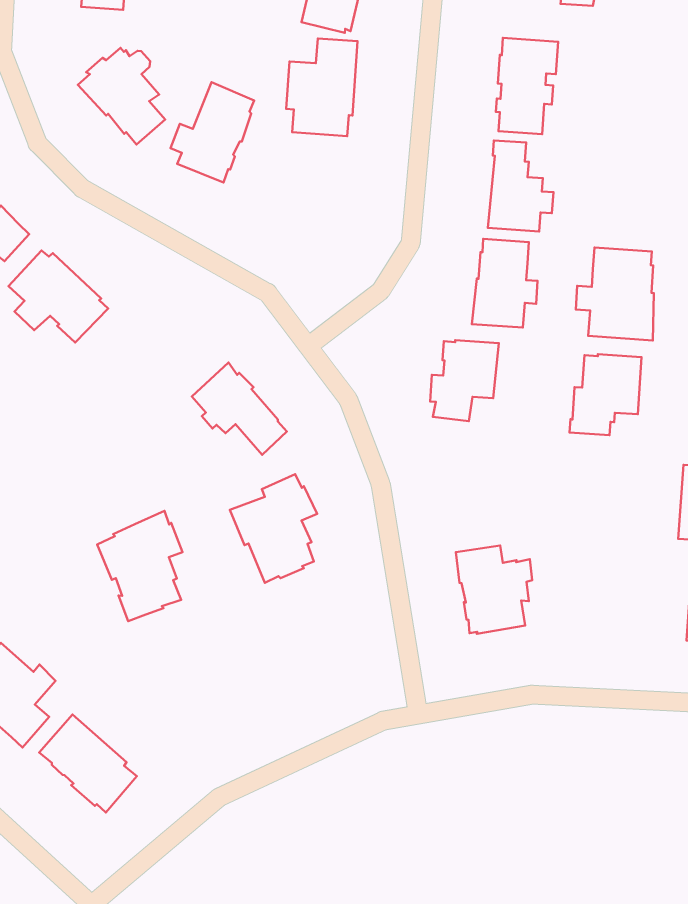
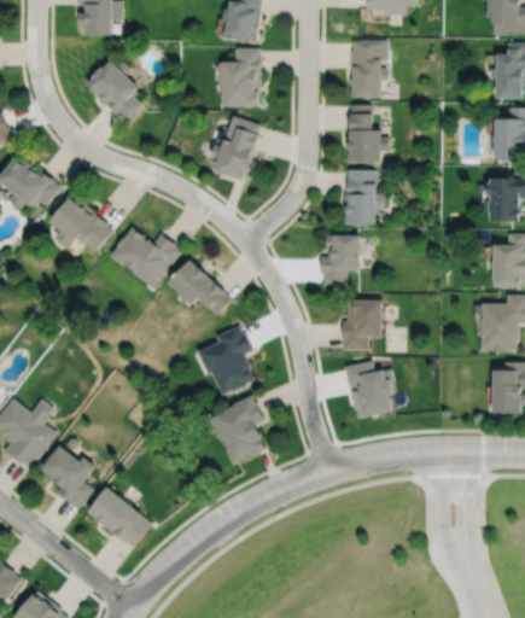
building: [171,82,254,182] -> [209,113,259,176]
building: [576,247,654,340] -> none
building: none -> [109,226,181,286]
building: [570,354,642,435] -> [340,298,383,349]
building: [97,511,183,621] -> [211,393,267,465]

